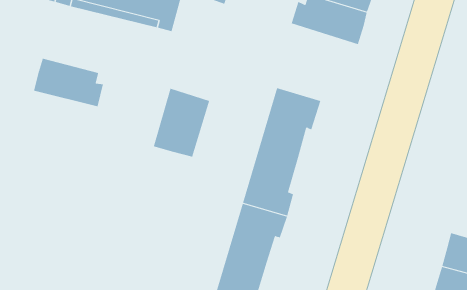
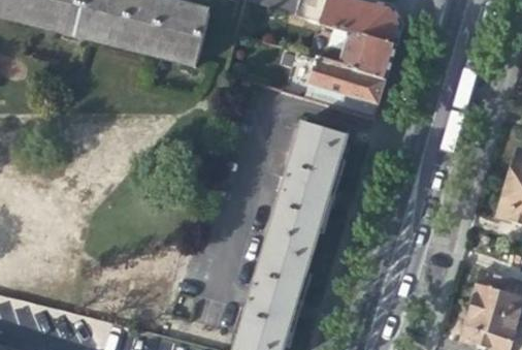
building: none -> [308,59,386,106]
building: [33,58,103,107] -> none
building: [153,88,210,158] -> none

